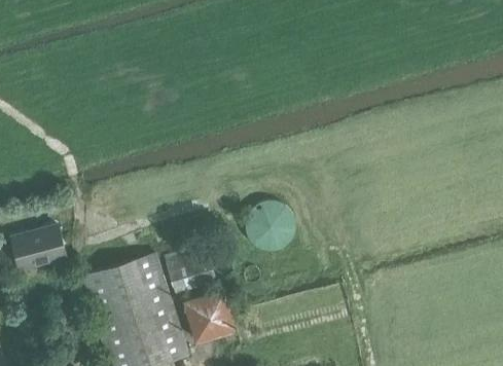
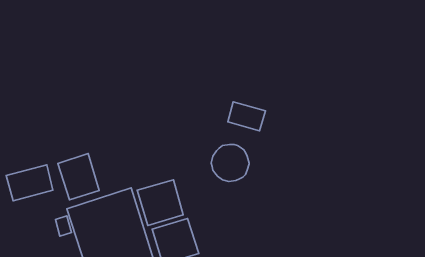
building: none -> [228,102,266,131]
building: none -> [58,154,99,200]

